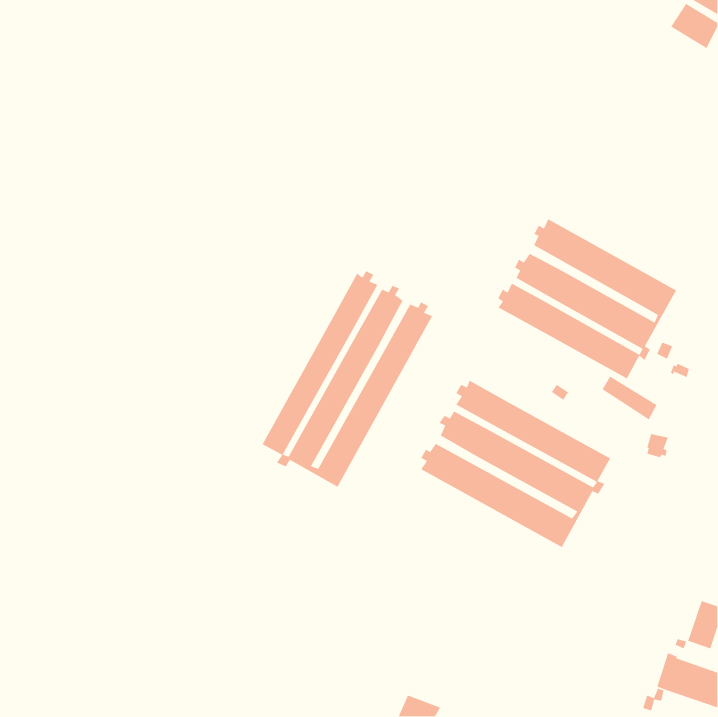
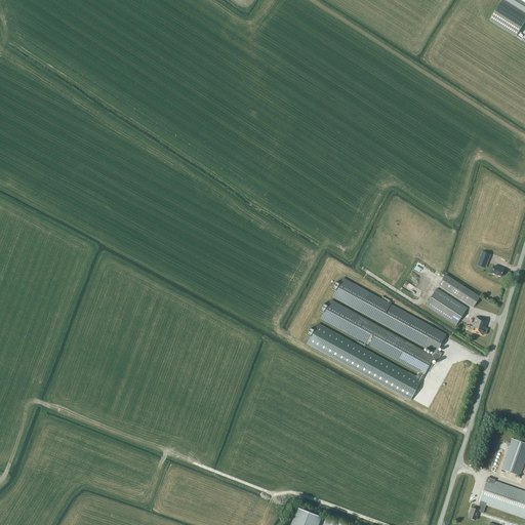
building: [497,218,677,380] -> none
building: [262,270,433,488] -> none
building: none -> [426,287,468,324]

